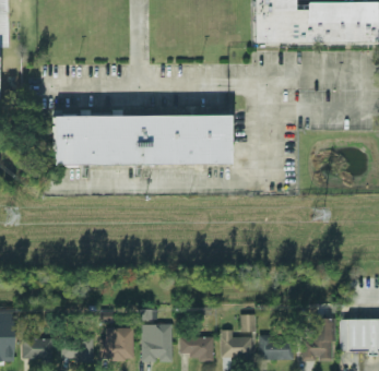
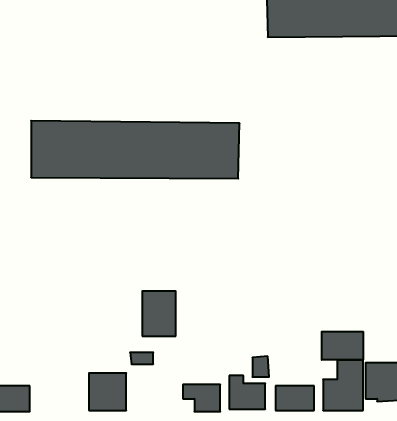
building: none -> [322,332,363,360]
building: [144,323,173,361] -> [142,291,176,336]
building: [62,338,94,361] -> none

